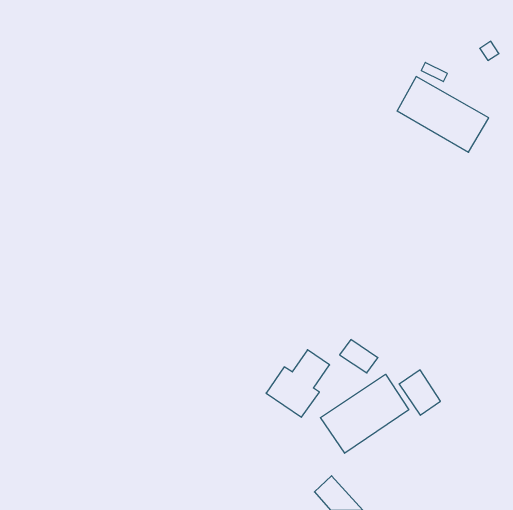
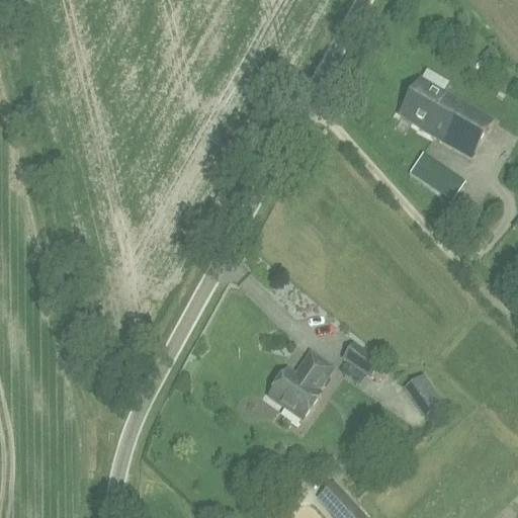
building: none -> [409,151,452,191]
building: [320,374,409,453] -> none

